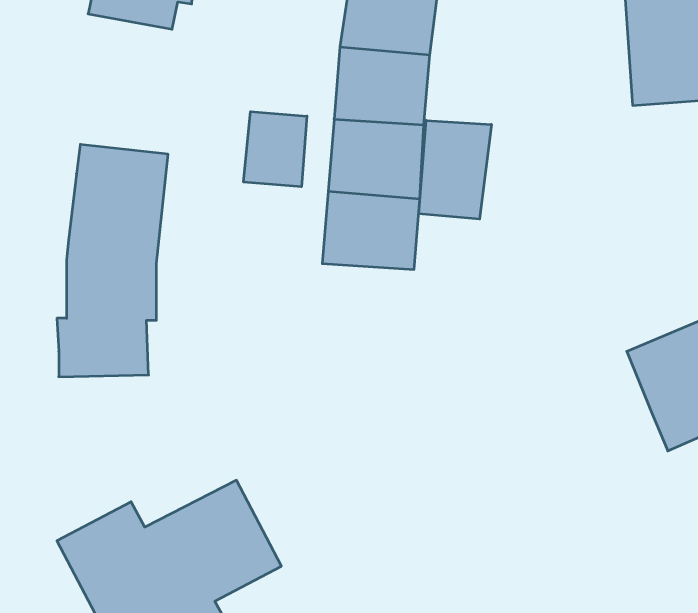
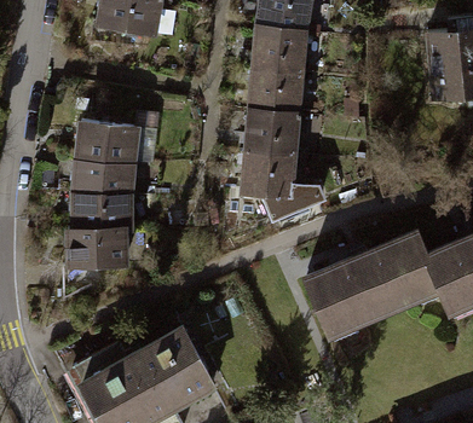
building: [244,112,307,187] -> none
building: [419,120,491,219] -> none
building: none -> [298,227,442,340]

